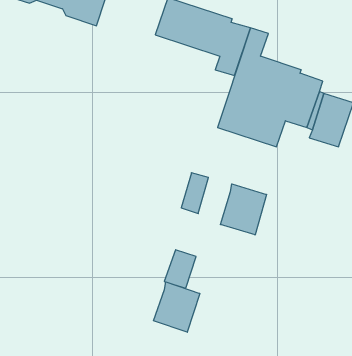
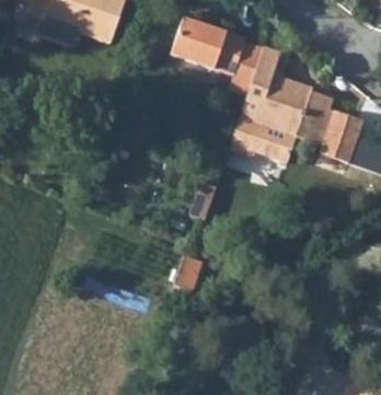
building: [220,184,267,235] -> none
building: [153,282,200,332] -> none

